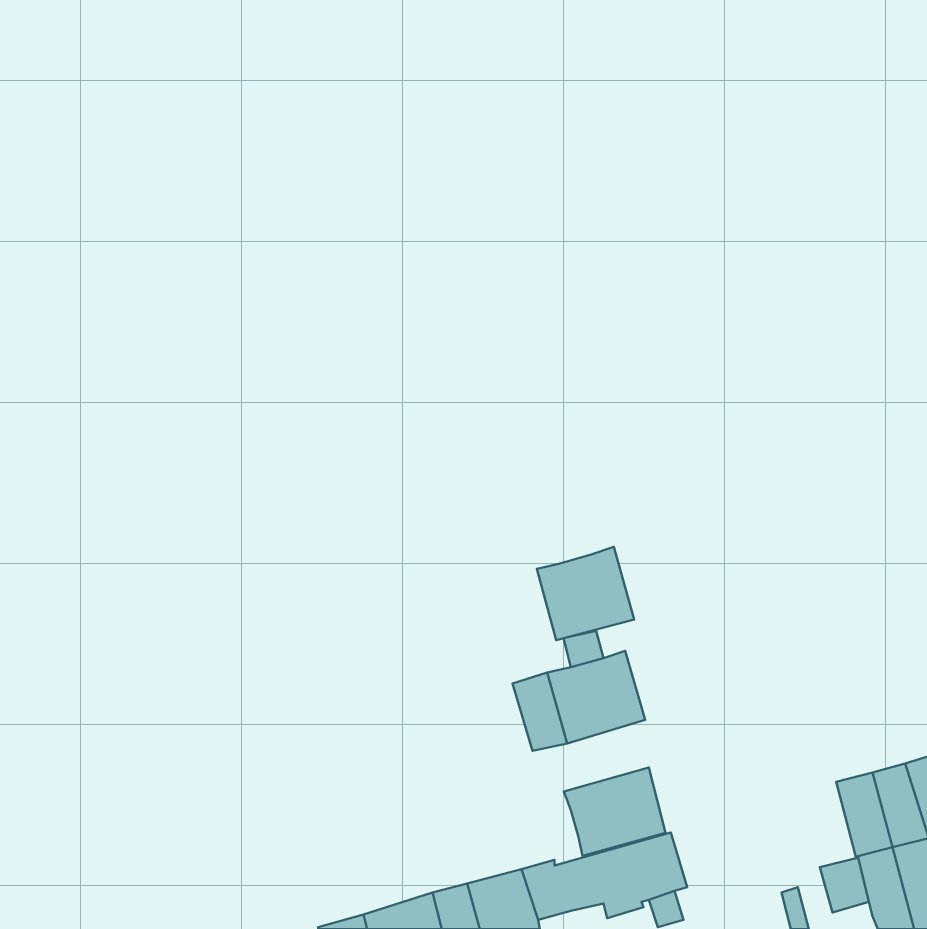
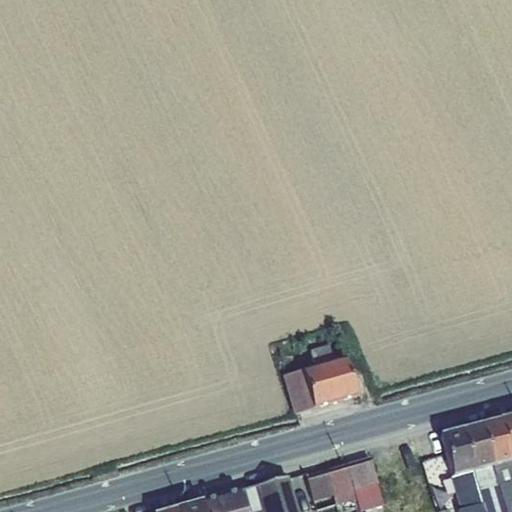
building: [537,547,634,640] -> none
building: [564,767,666,856] -> none
building: none -> [440,430,472,477]

